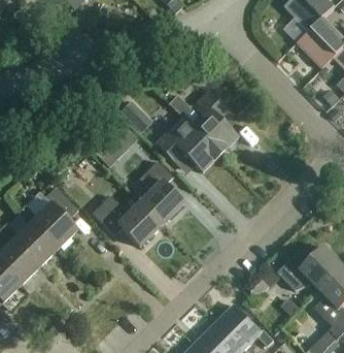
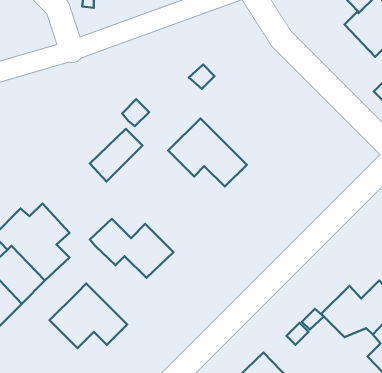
building: [183,90,238,154] -> none
building: [139,160,184,224] -> none
building: none -> [50,284,127,348]

